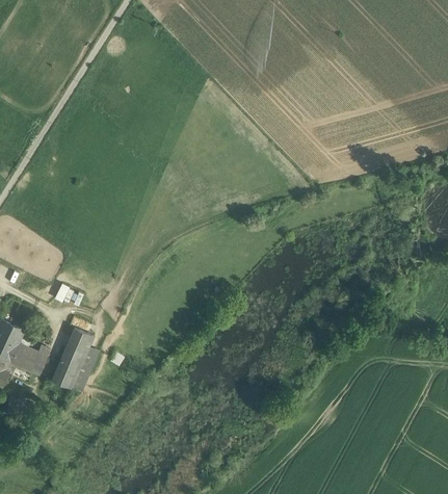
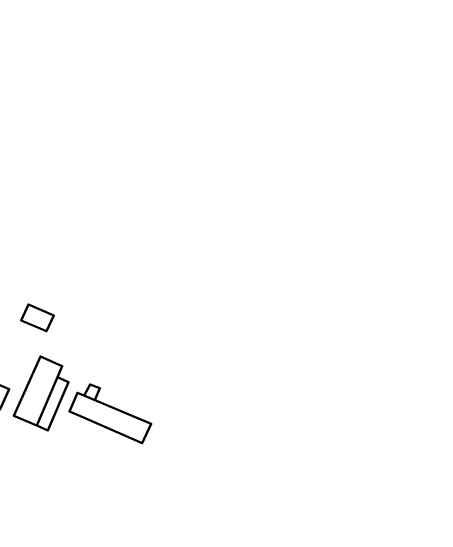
building: none -> [69,393,151,443]

